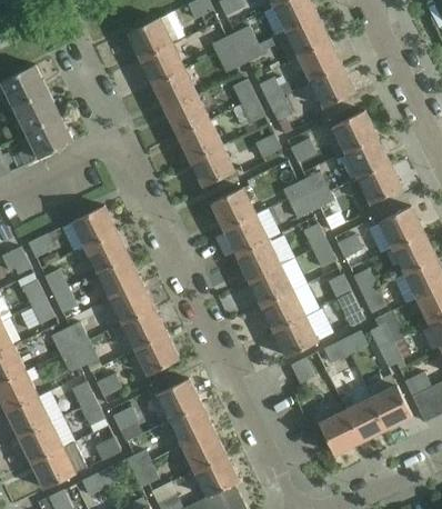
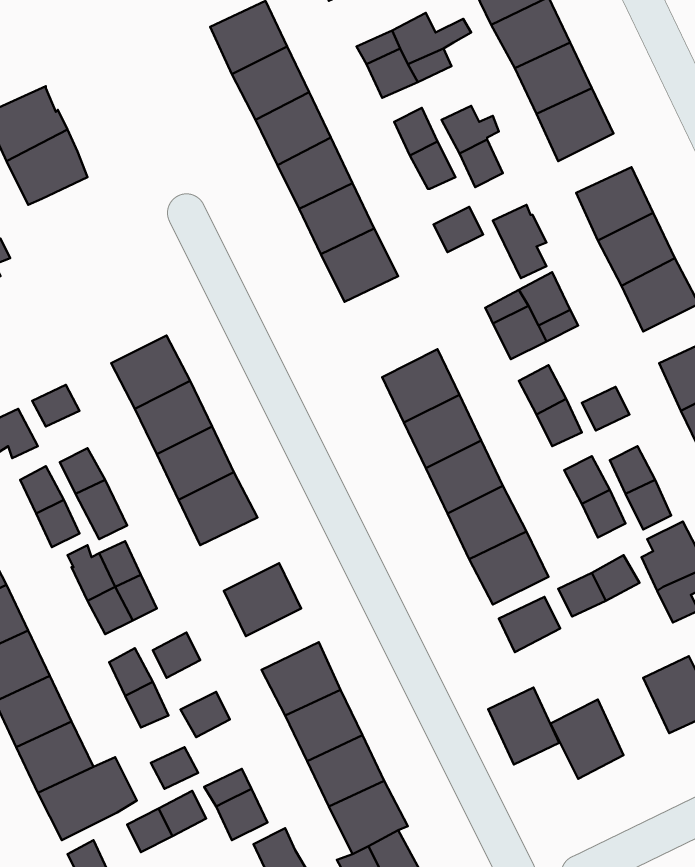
building: [18,117,73,166] -> none
building: [211,188,255,229] -> none
building: [122,308,167,349] -> none
building: [345,398,385,441] -> [488,687,559,765]

